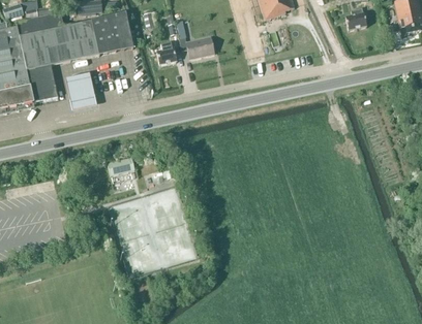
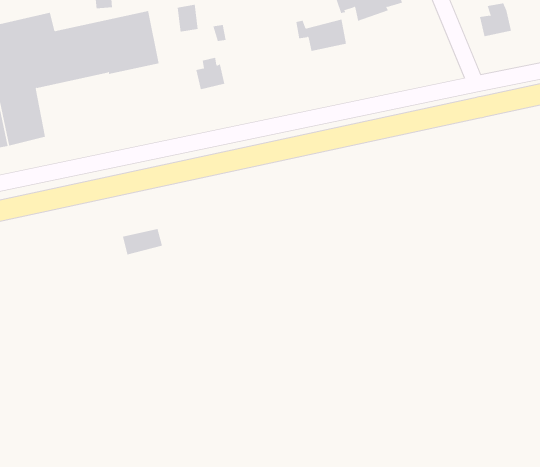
building: [179,35,213,57] -> [295,19,347,51]
building: [64,73,95,110] -> none

